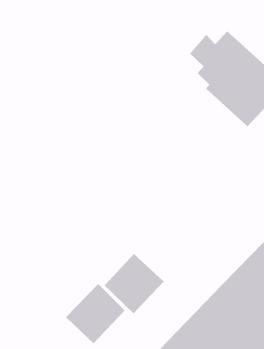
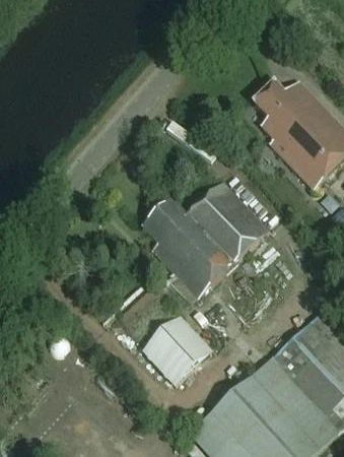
building: none -> [140,179,267,296]
building: [65,283,126,344] -> none

